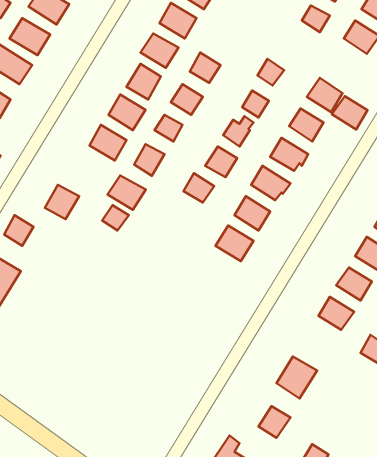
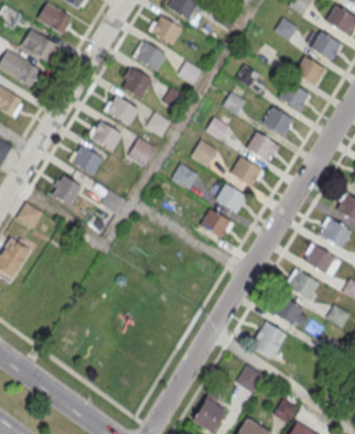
building: [332,96,368,129] -> [294,56,325,85]
building: [108,175,146,210] -> [71,145,104,175]
building: none -> [273,295,309,326]

